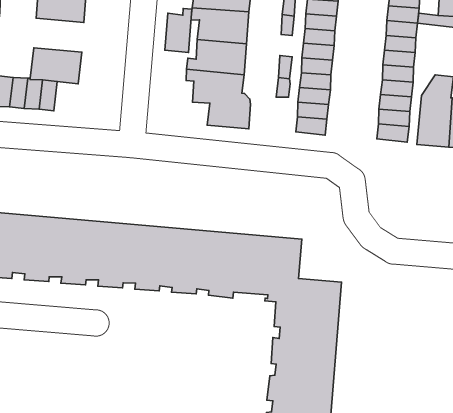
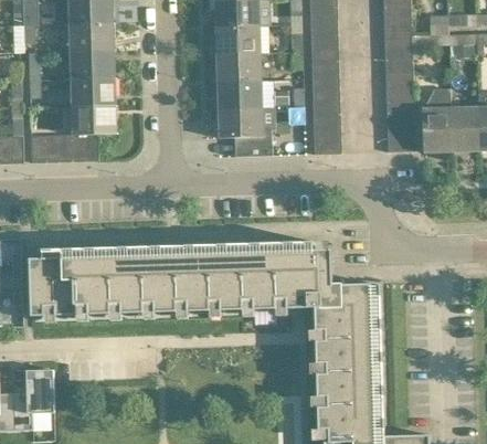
building: [165,9,192,53] -> none
building: none -> [71,77,115,105]

